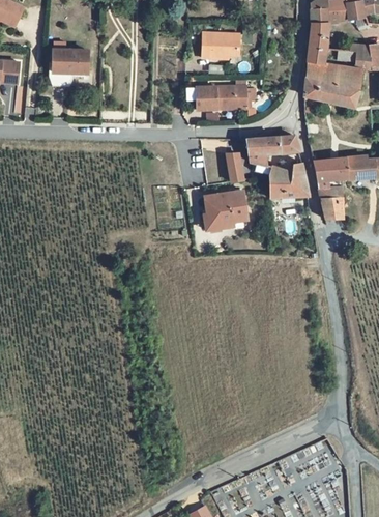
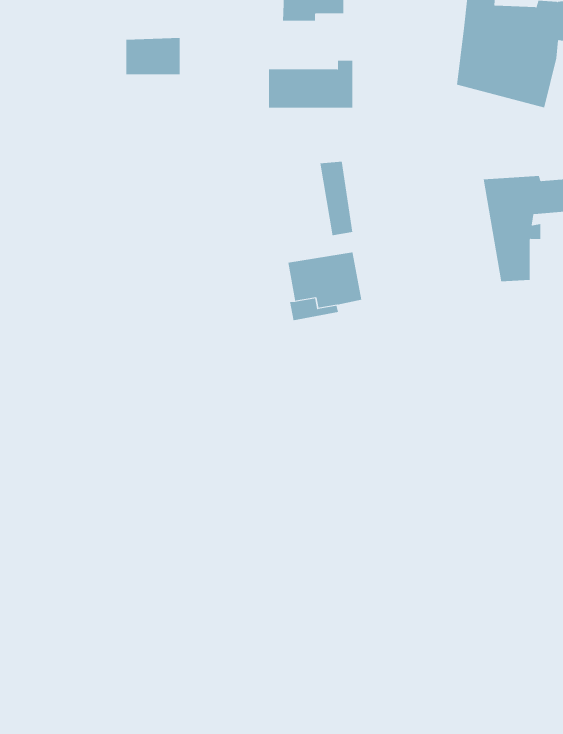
building: [53,51,85,73] -> [125,38,180,75]
building: [246,136,308,197] -> none

